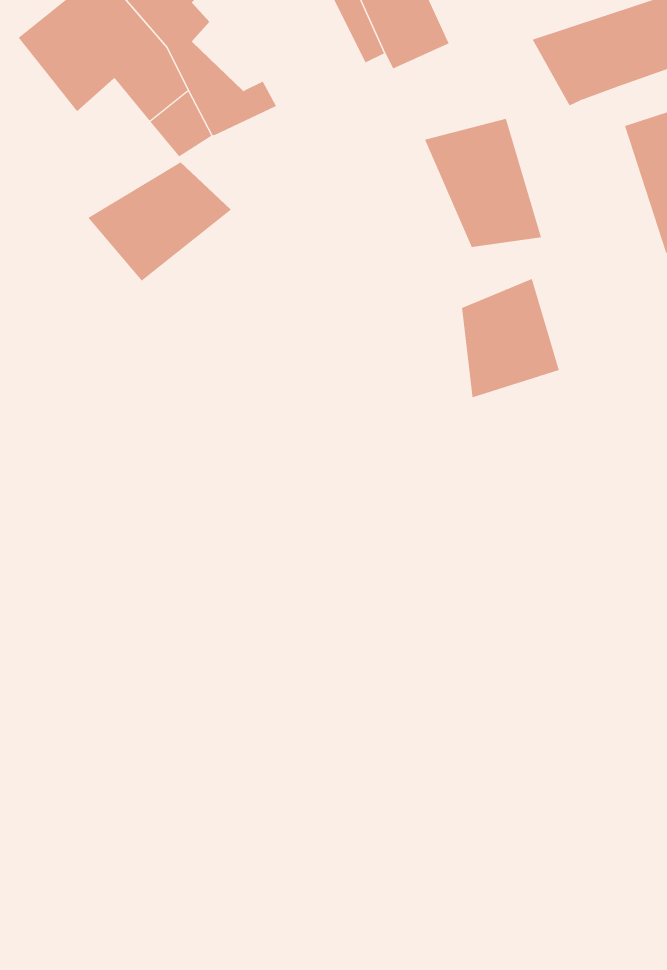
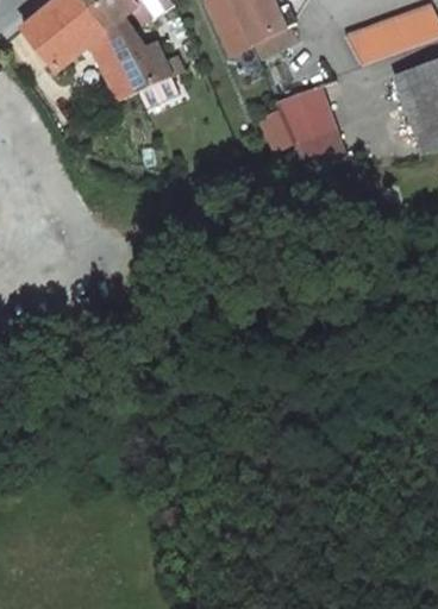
building: [88,162,232,282] -> none
building: [462,278,559,398] -> none

